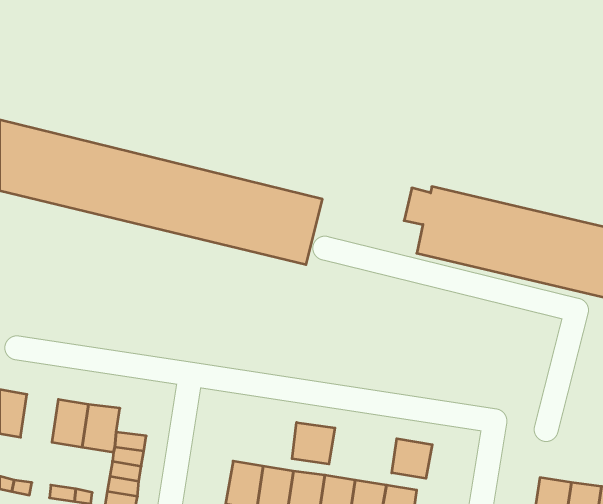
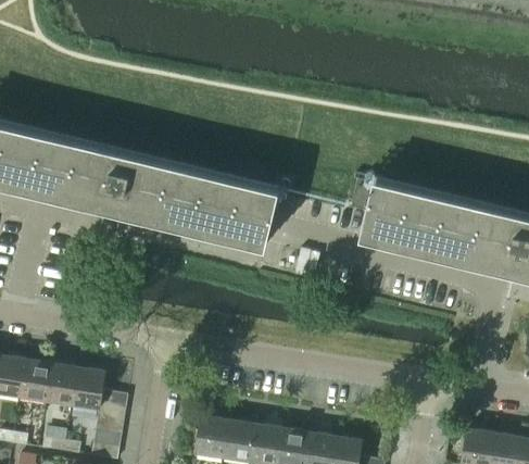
building: none -> [18,361,51,402]
building: [292,422,335,464] -> none
building: [392,439,432,478] -> none

